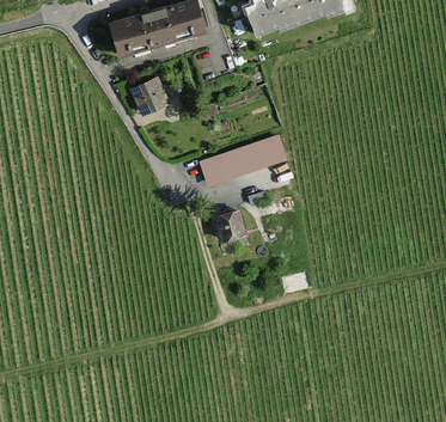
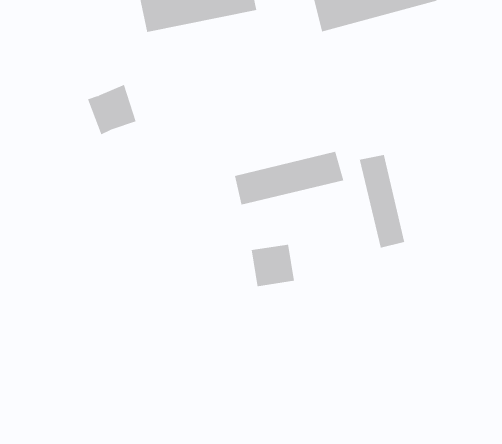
building: [129,73,170,115] -> [87,84,137,135]
building: none -> [359,154,405,249]

